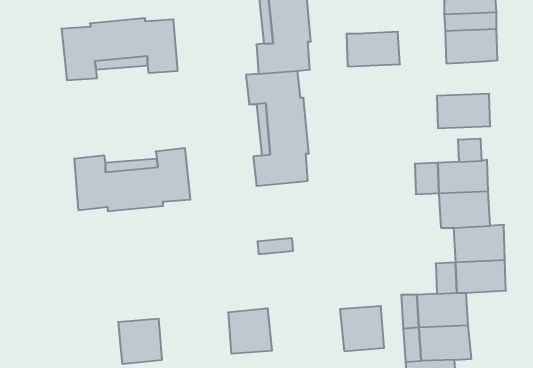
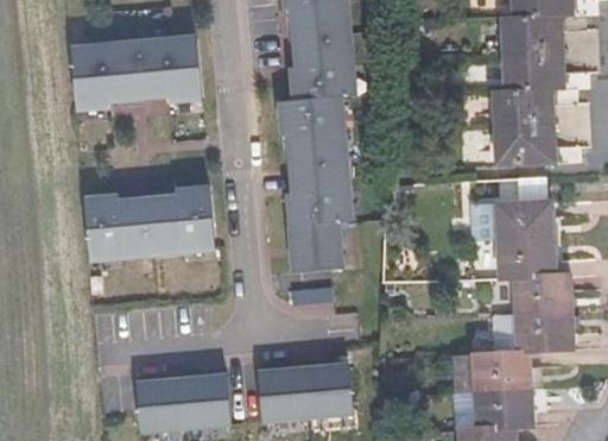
building: [346,32,400,66] -> [494,88,555,127]
building: none -> [291,225,342,275]
building: [340,306,384,351] -> [304,365,354,416]
building: none -> [180,376,230,427]

